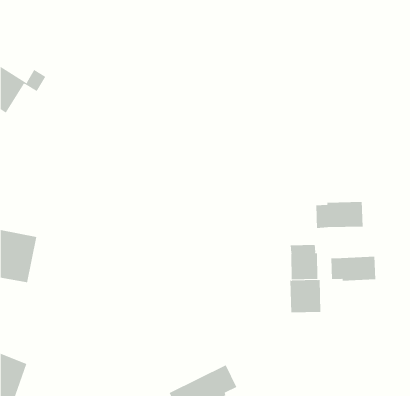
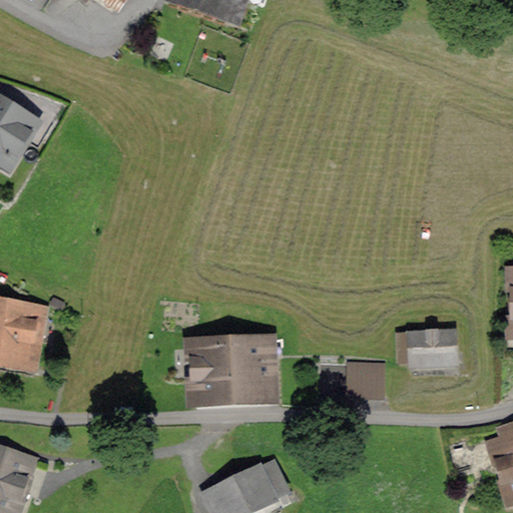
building: [316,201,363,229] -> none
building: [290,244,318,280] -> none
building: none -> [193,341,269,399]

